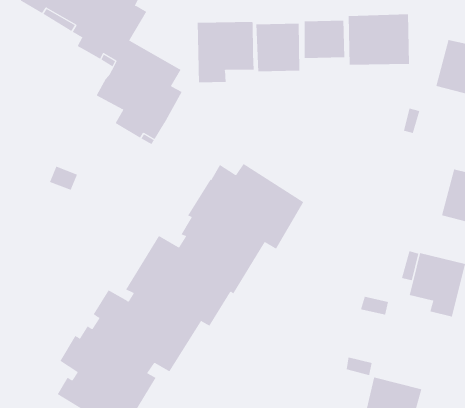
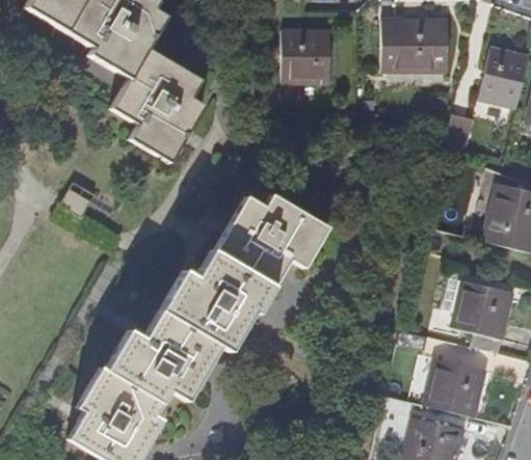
building: [304,20,345,59] -> none
building: [197,21,254,83] -> none
building: none -> [424,356,486,414]

